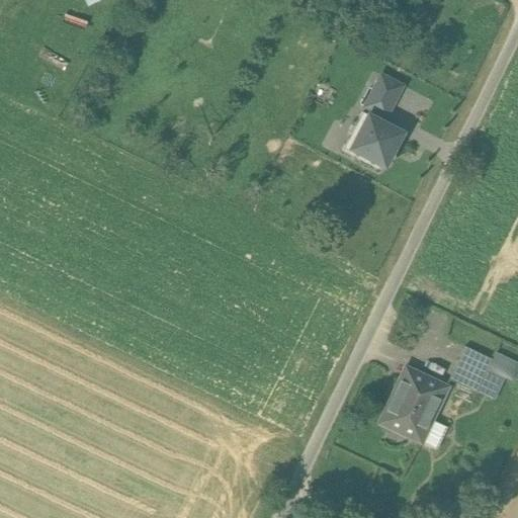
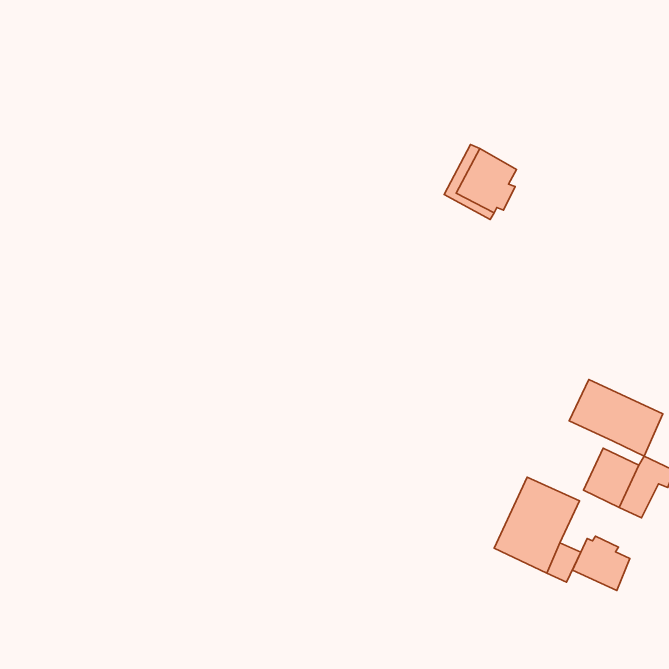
building: [367,74,404,116] -> none
building: none -> [569,380,663,456]
building: none -> [572,536,630,590]

